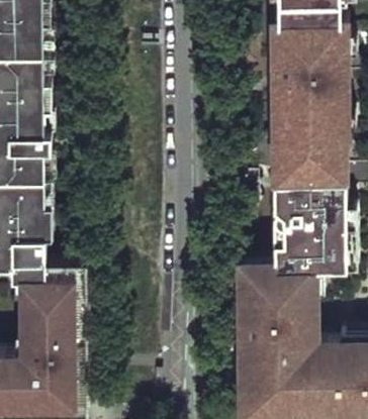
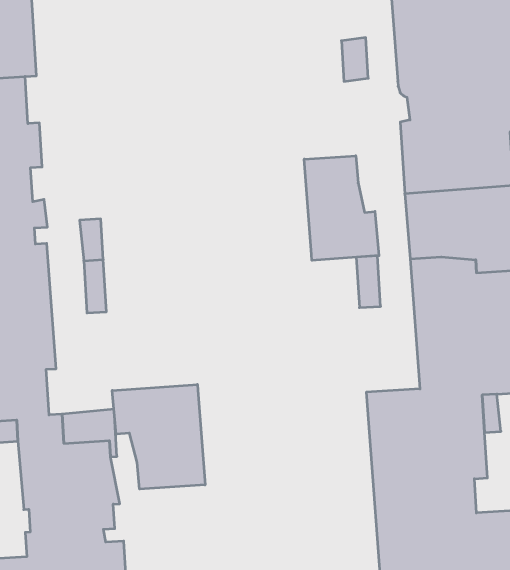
building: none -> [304,156,379,260]
building: none -> [112,384,205,489]

